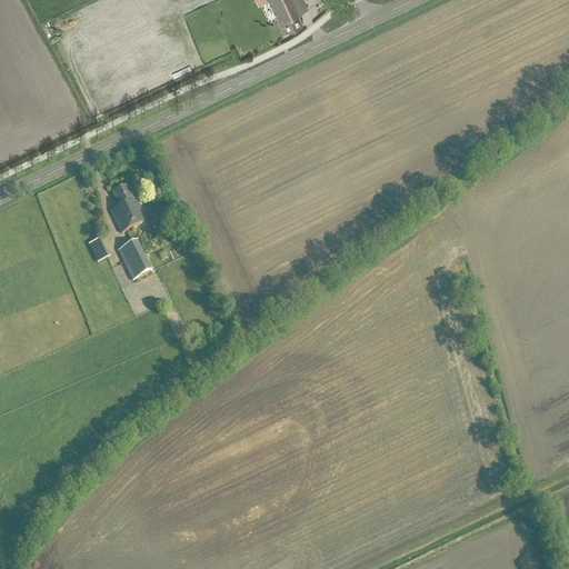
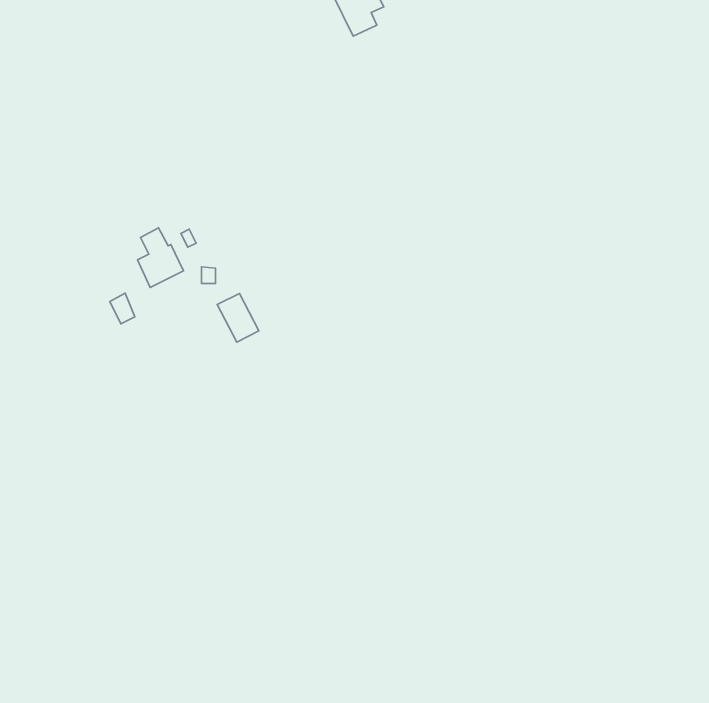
building: [117,238,150,277] -> [217,293,259,342]

